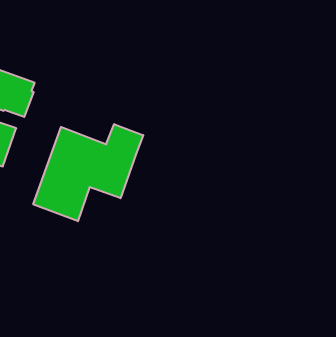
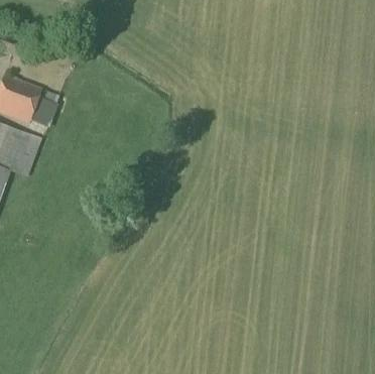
building: [33,124,143,221] -> none

